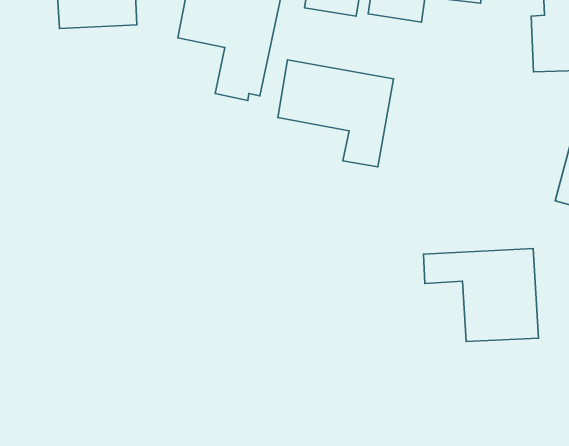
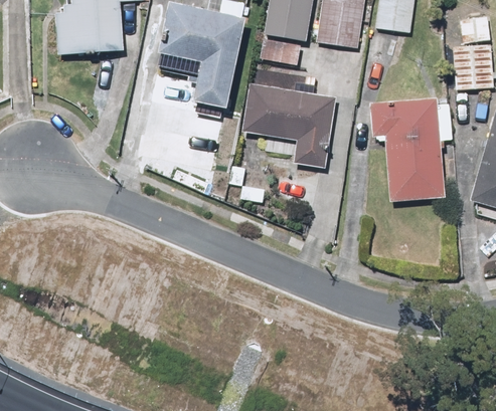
building: none -> [372,95,453,198]
building: [424,248,538,341] -> none

